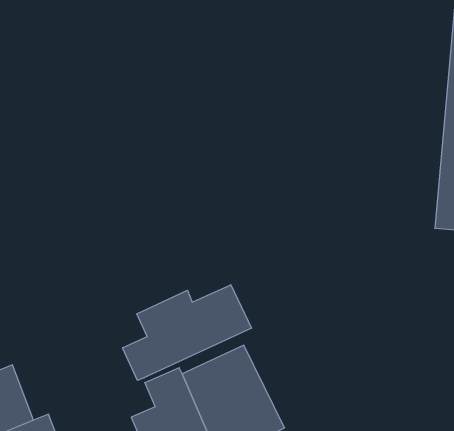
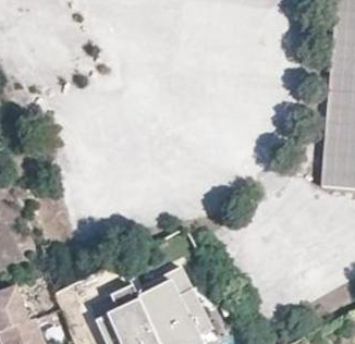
building: [123,285,251,380] -> none

